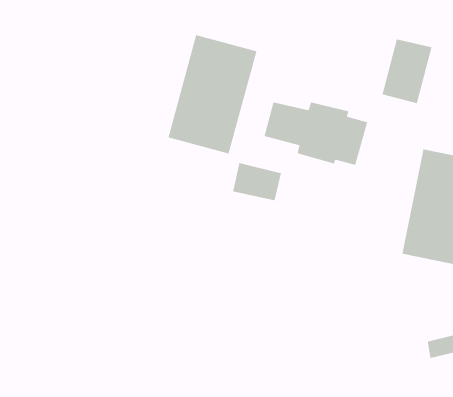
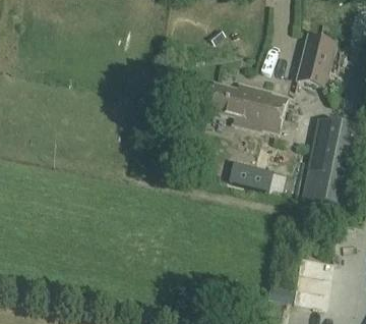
building: [167,34,258,154] -> none
building: [232,162,282,201] -> [234,158,271,187]

